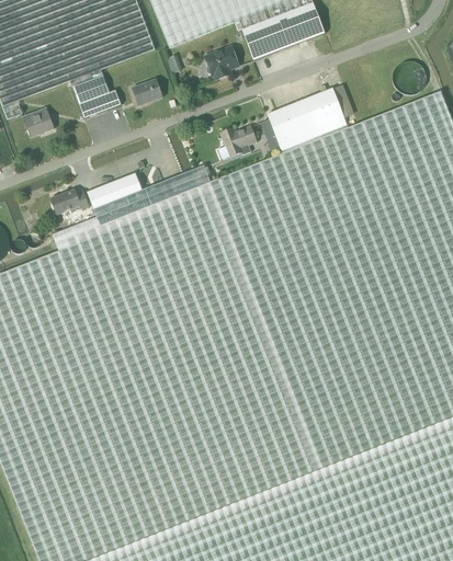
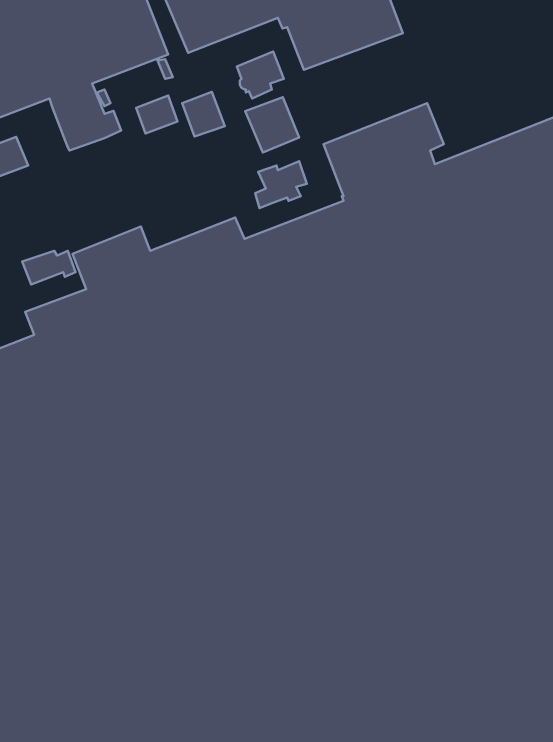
building: none -> [182,92,225,136]
building: none -> [245,97,299,153]

